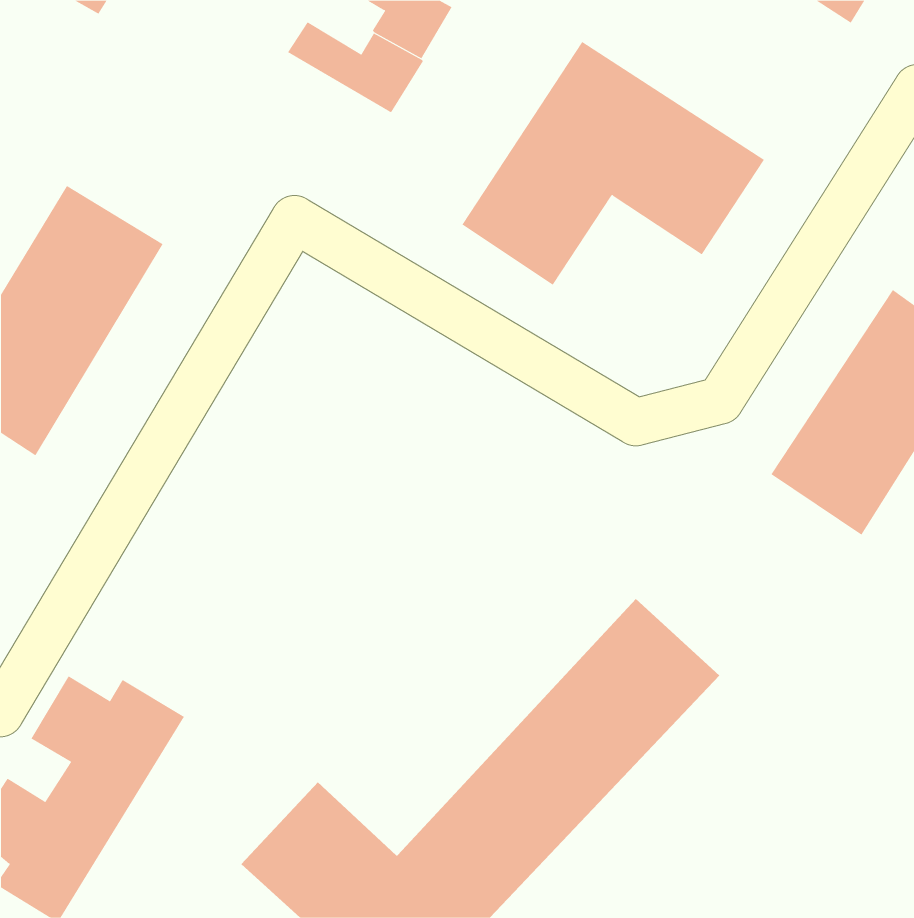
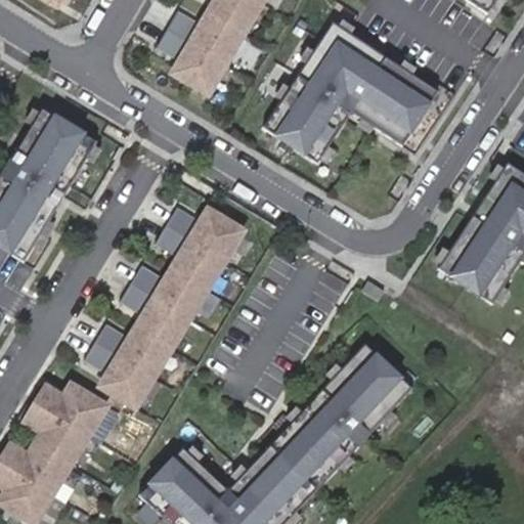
building: none -> [156,30,225,95]
building: none -> [87,206,243,406]

